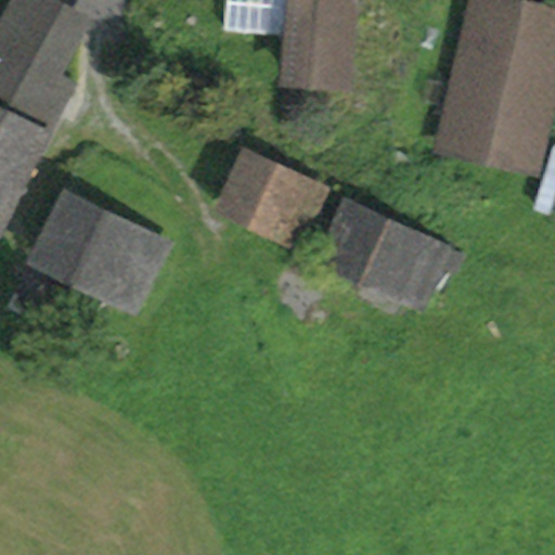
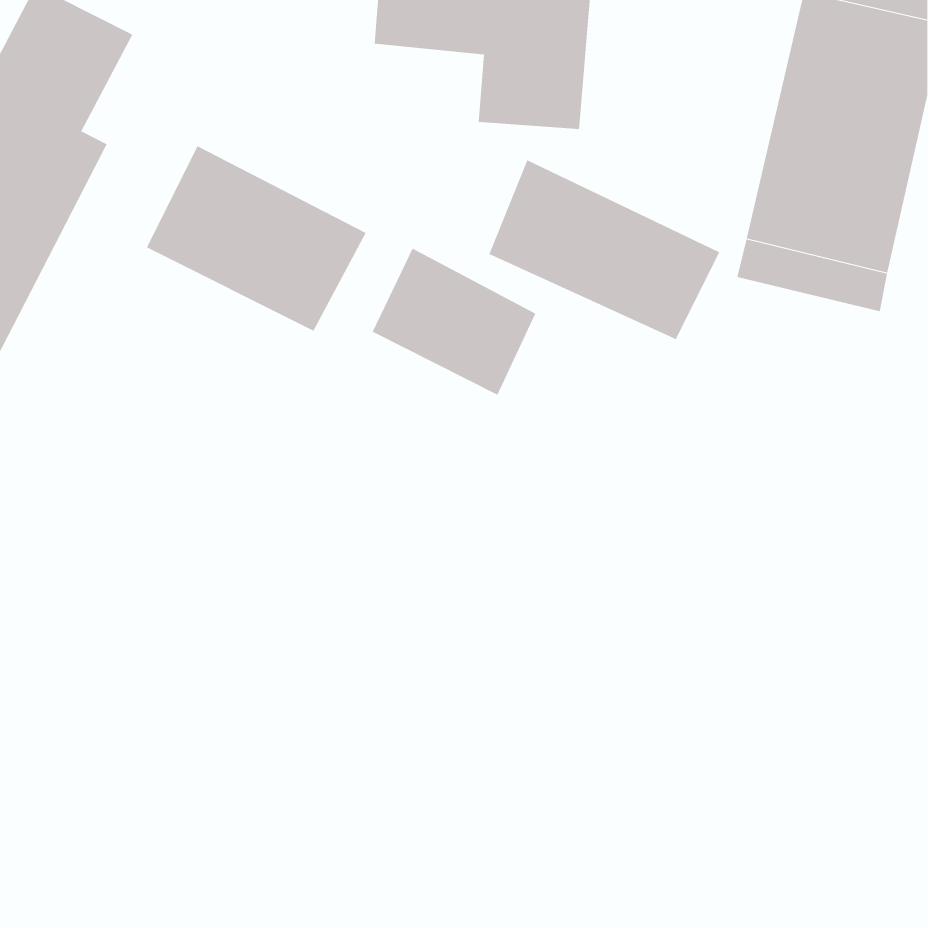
building: [35,191,166,301] -> [146,145,367,331]
building: [324,198,462,306] -> [488,159,720,340]

